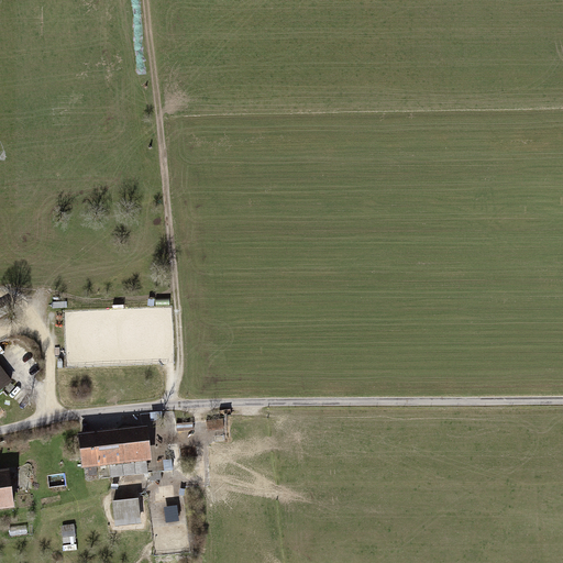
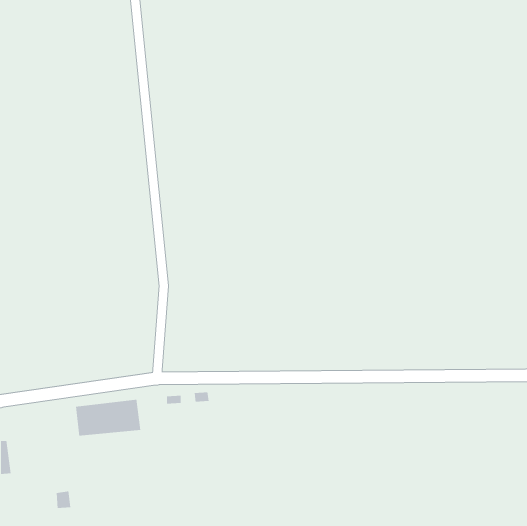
building: [113,499,140,519] -> none

